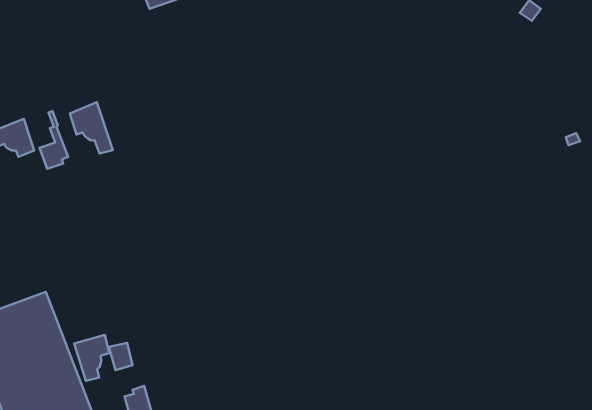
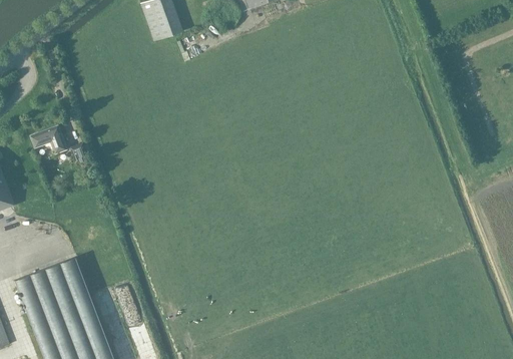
building: [70,102,113,154] -> none
building: [74,335,109,381] -> none

